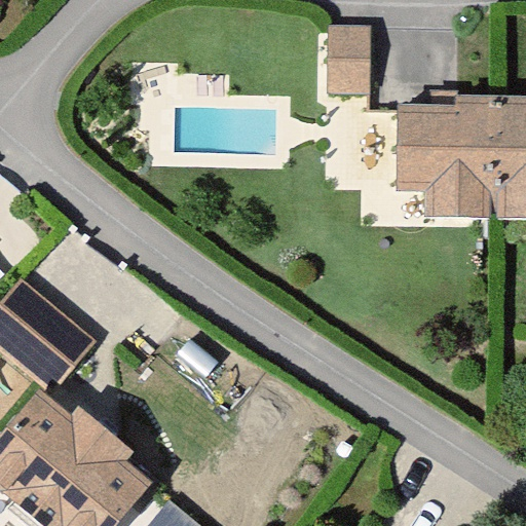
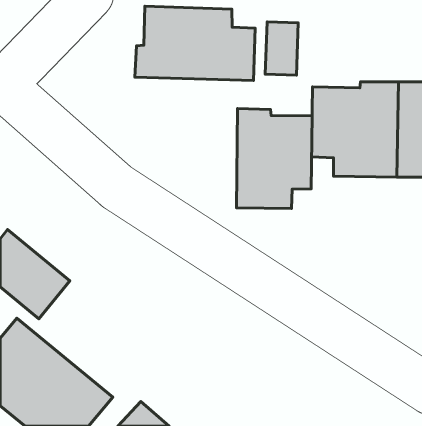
building: none -> [135,6,255,81]
building: none -> [237,108,312,208]

